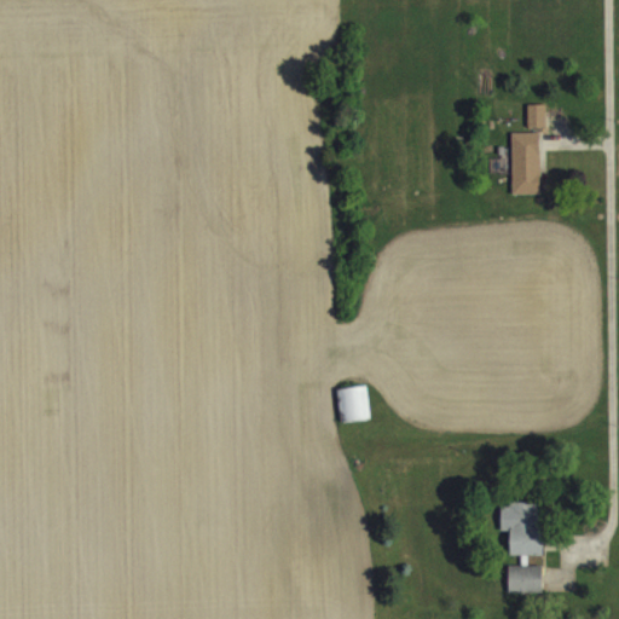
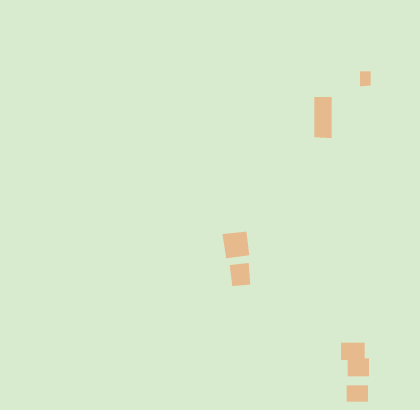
building: [511,132,539,195] -> [314,96,332,139]
building: none -> [222,231,250,259]

